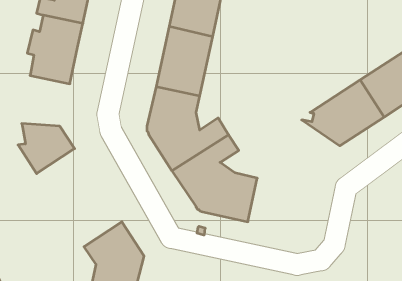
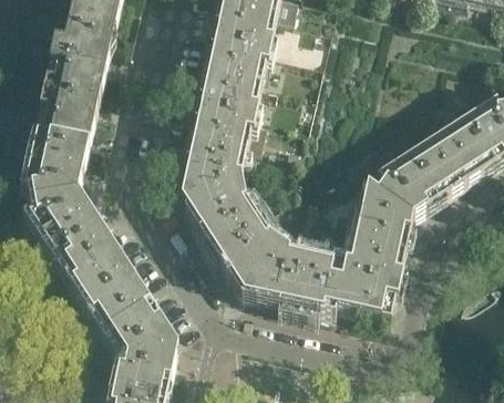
building: none -> [22,127,89,188]
building: none -> [301,180,411,316]
building: none -> [49,215,151,332]

